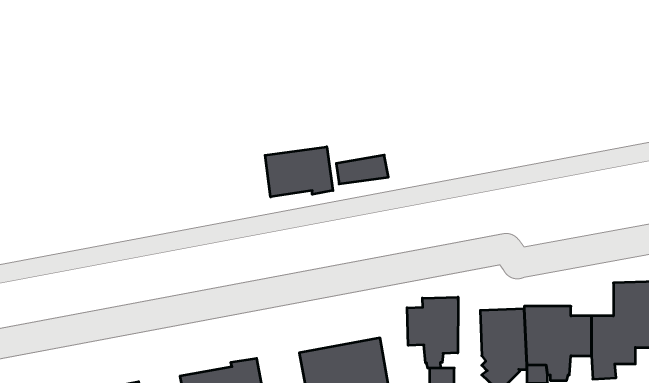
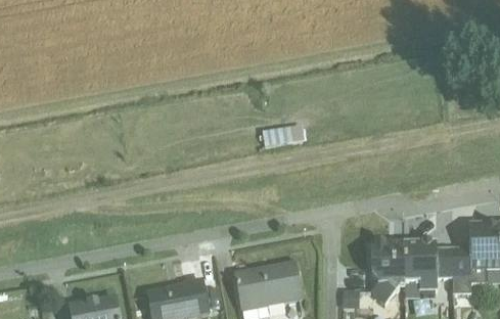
building: [265,147,333,197] -> none
building: [407,297,458,368] -> none

